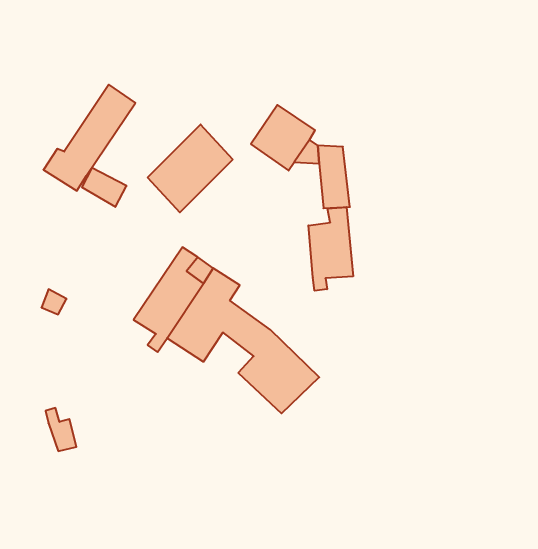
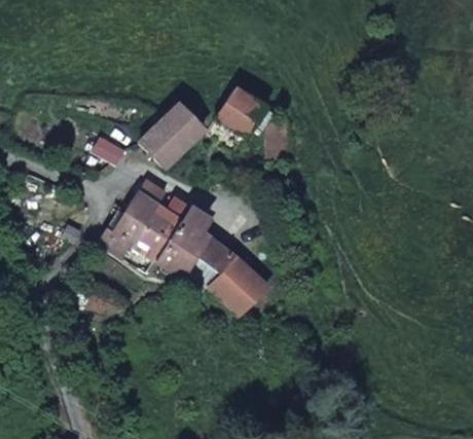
building: [43,85,135,191] -> [99,179,167,257]
building: [308,207,353,291] -> none

